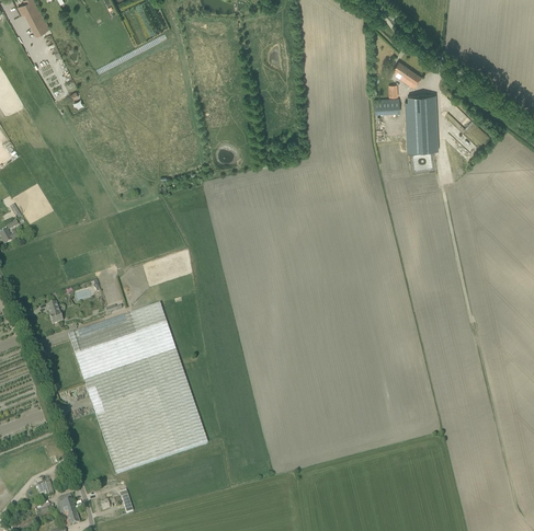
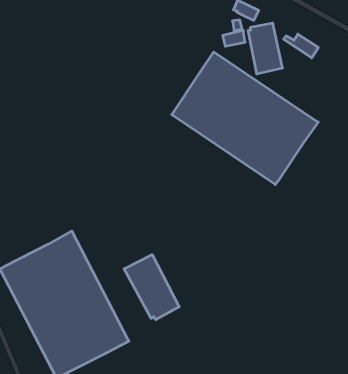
building: none -> [172,52,318,185]
building: none -> [124,255,179,320]

